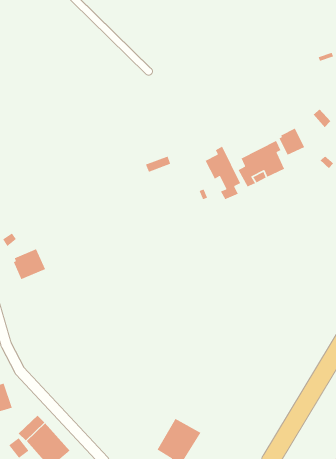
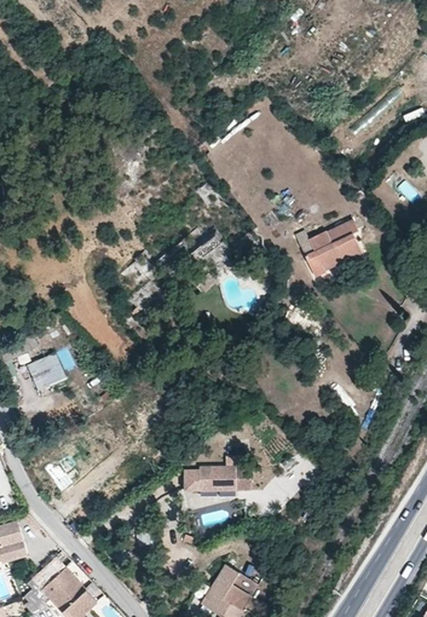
building: [279,127,305,156] -> none
building: [205,146,241,200] -> none
building: none -> [183,457,235,492]

